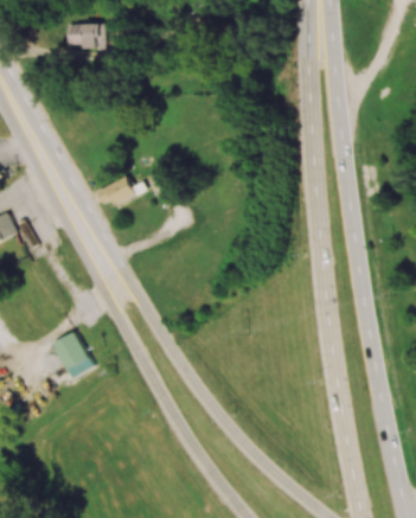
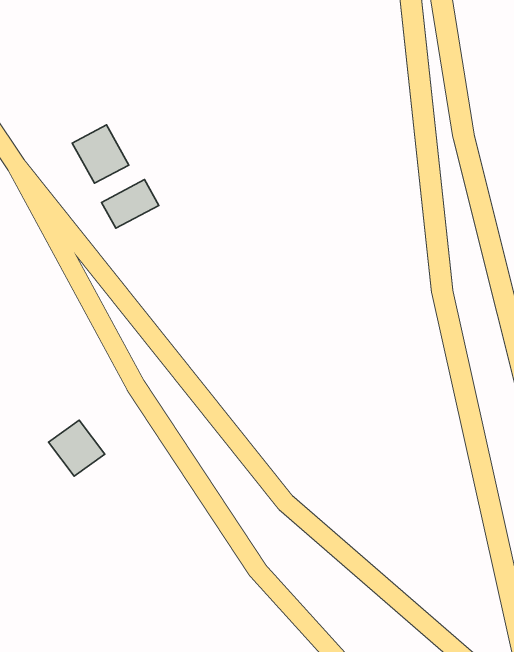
building: none -> [72,125,129,183]

